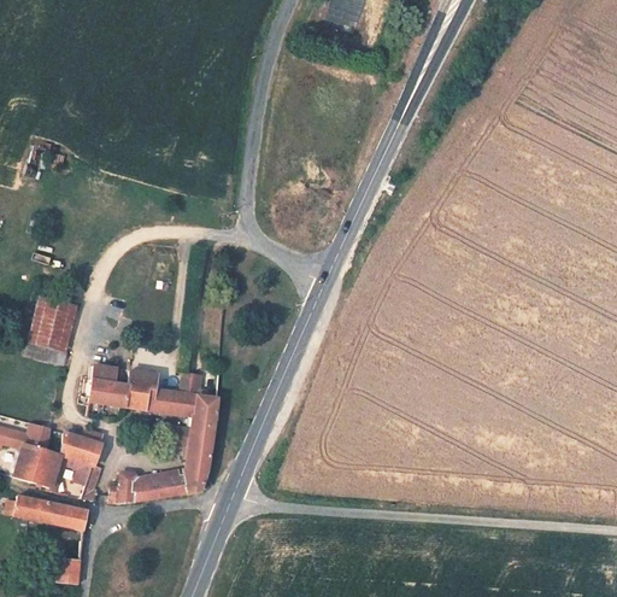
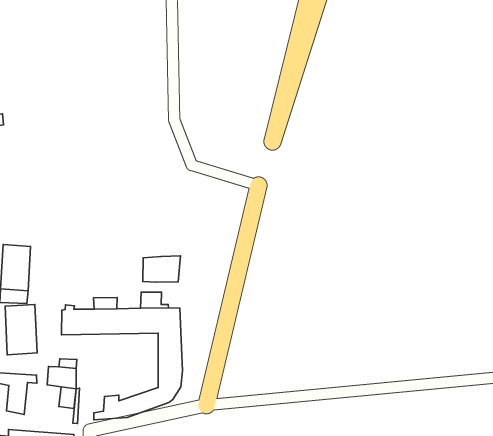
building: none -> [143,256,180,282]
building: none -> [5,304,37,355]
building: [34,446,64,487] -> none

